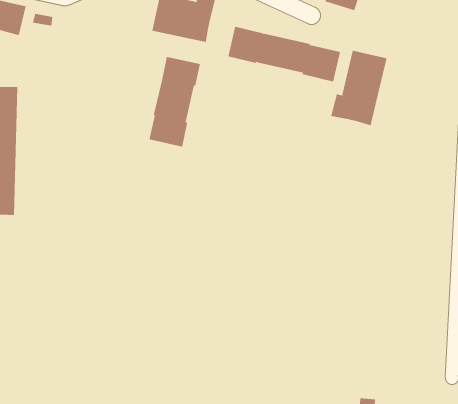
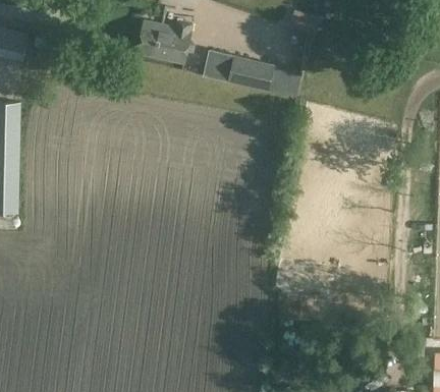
building: [330,50,387,126] -> none
building: [149,56,200,147] -> none

